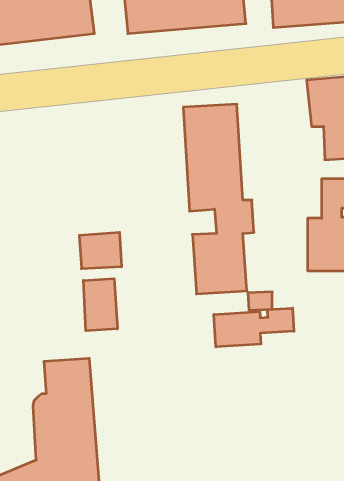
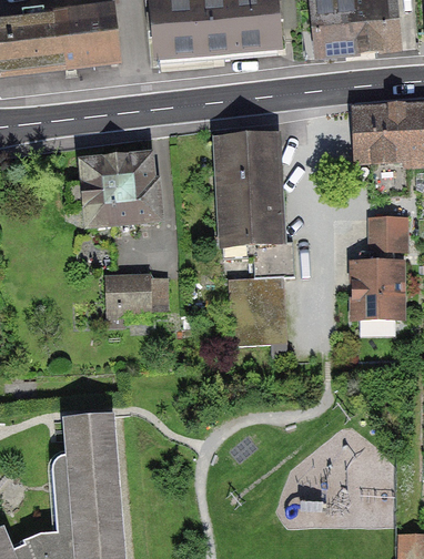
building: none -> [77,152,161,226]
building: [83,279,117,331] -> none
building: [214,308,294,347] -> none

